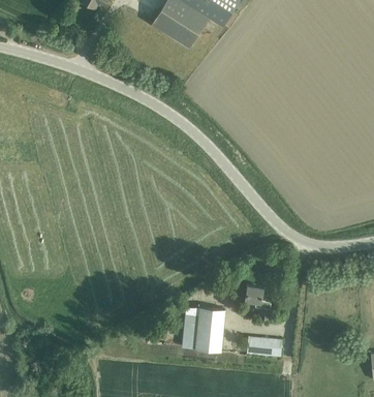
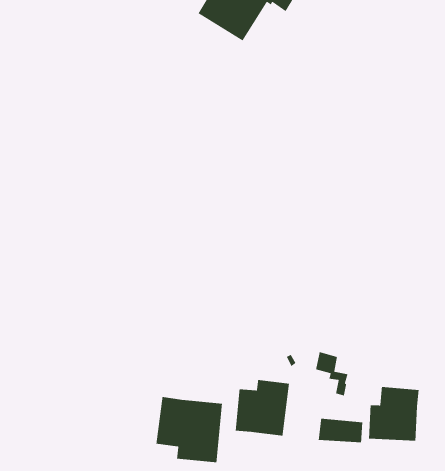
building: none -> [368,386,419,441]
building: none -> [156,396,223,463]

